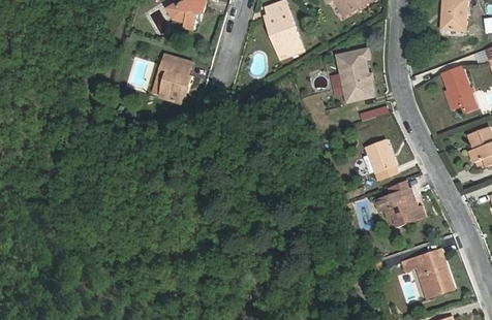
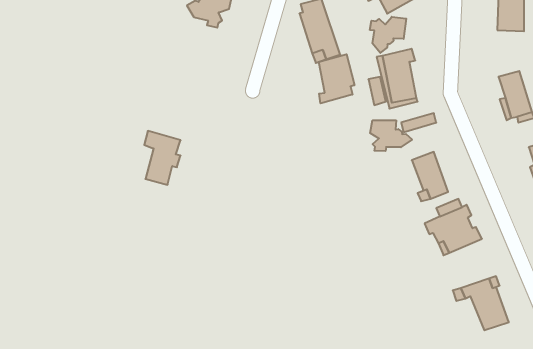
building: none -> [370,17,406,53]
building: none -> [319,54,354,103]
building: [160,56,192,103] -> [144,131,181,185]
building: none -> [370,120,412,151]

